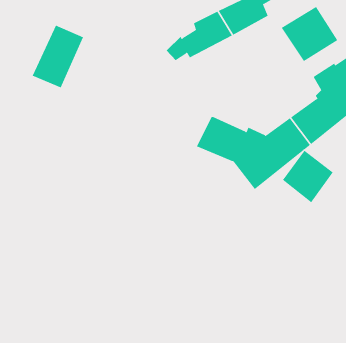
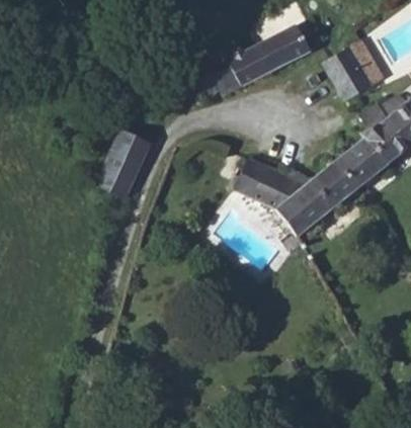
building: [32,25,84,88] -> [96,130,152,197]
building: [282,150,334,203] -> none

